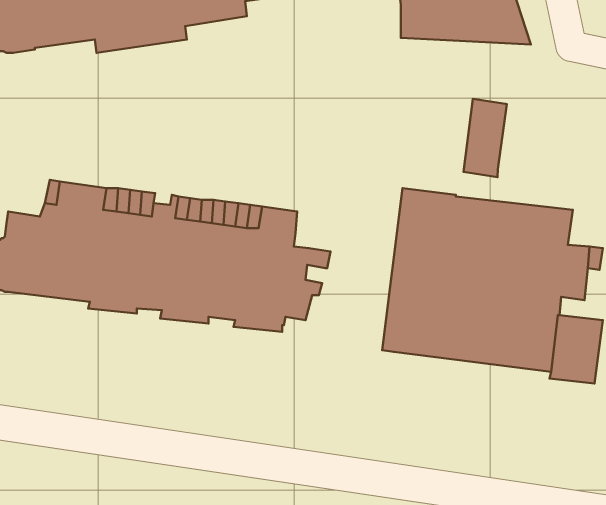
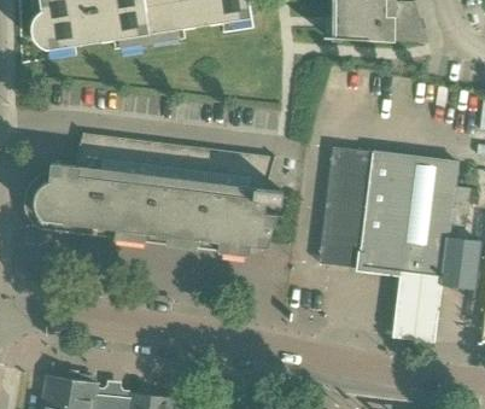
building: [463,99,507,177] -> none
building: none -> [390,275,439,339]

